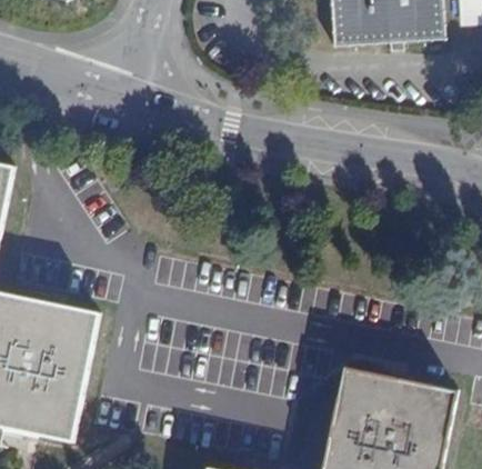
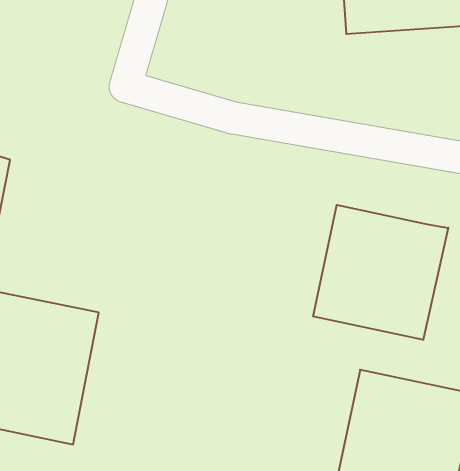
building: none -> [313,205,448,340]

